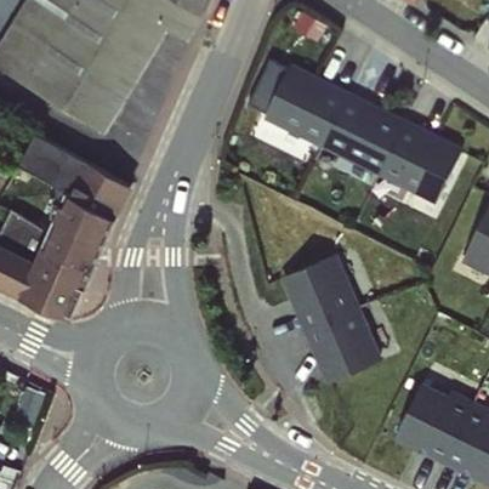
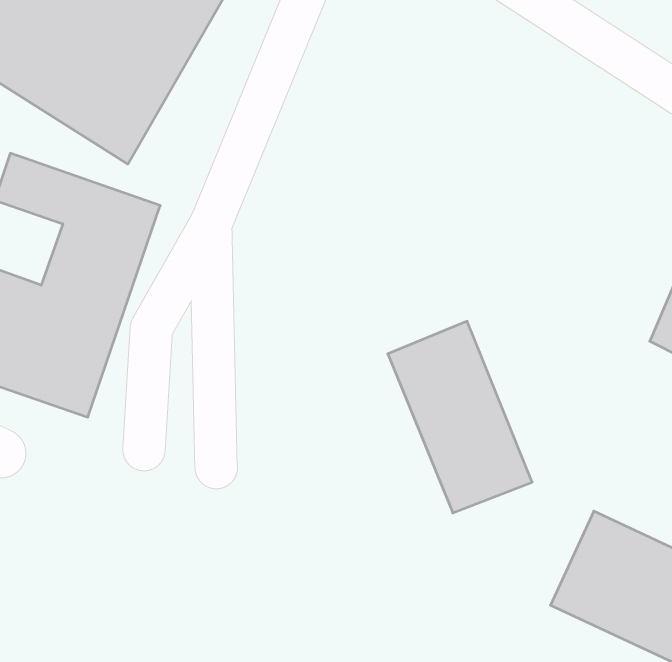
building: [255,62,466,204] -> none

